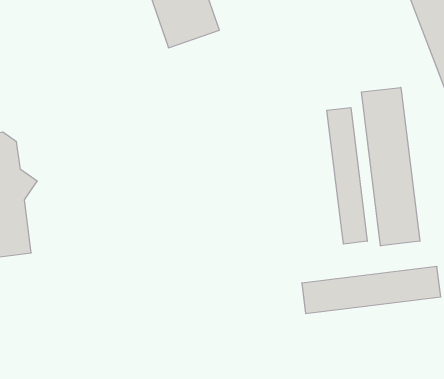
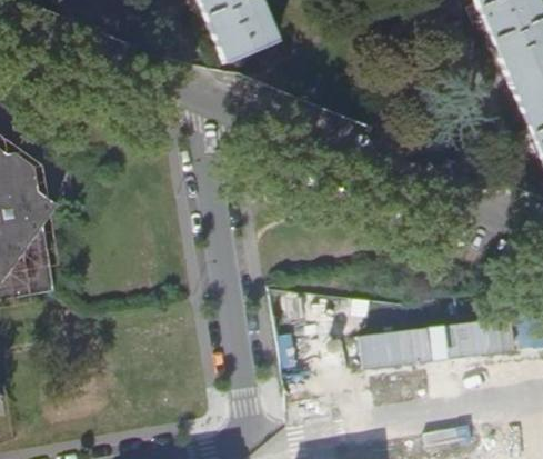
building: [362,87,420,246] -> none
building: [327,108,367,244] -> none

